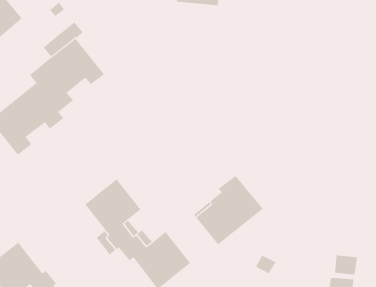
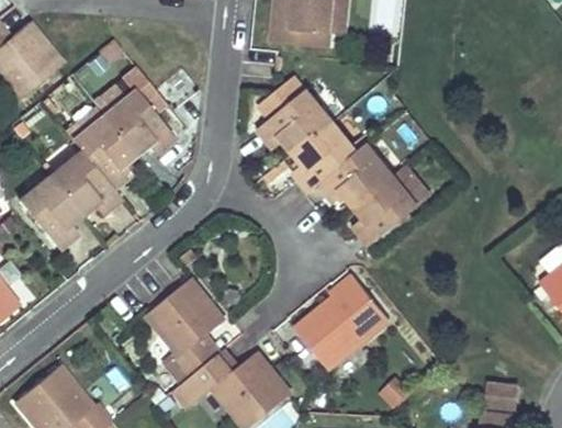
building: none -> [258,75,417,245]

